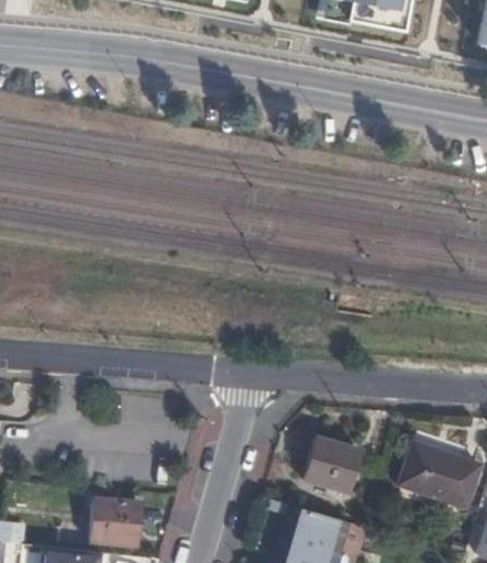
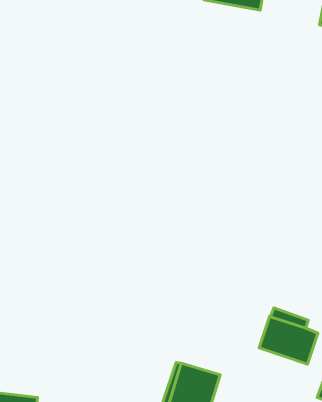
building: [305,438,361,493] -> none
building: [93,500,135,544] -> none

